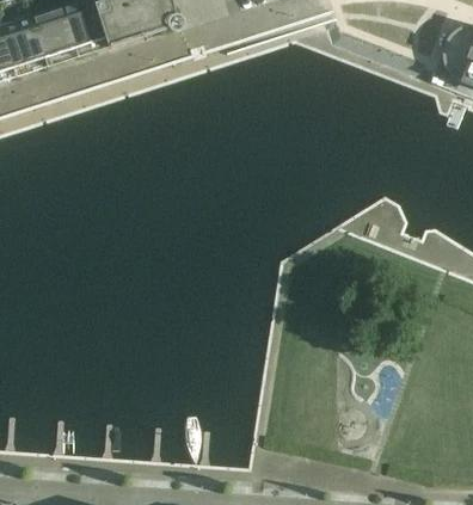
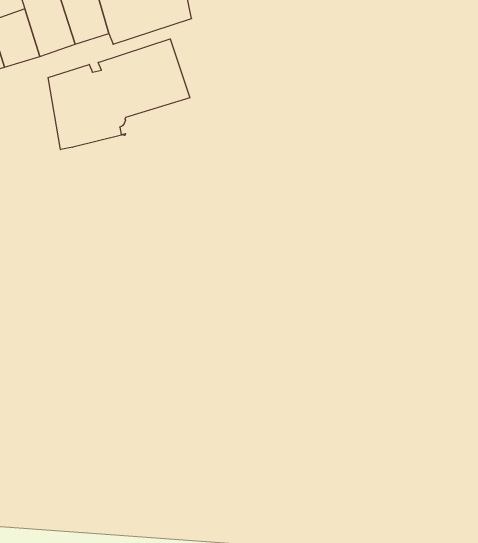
building: none -> [48,39,190,150]

